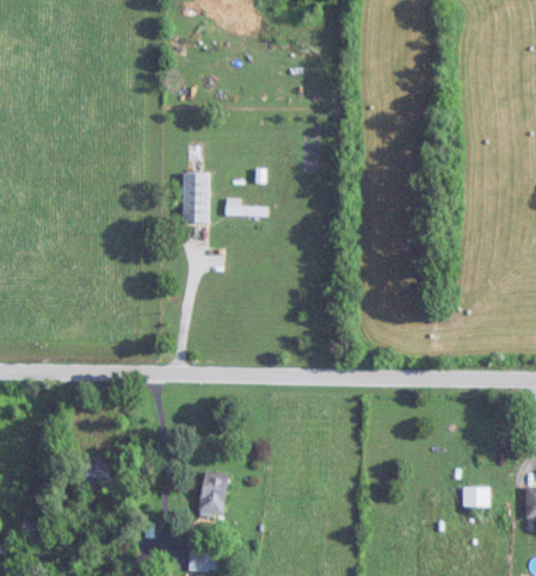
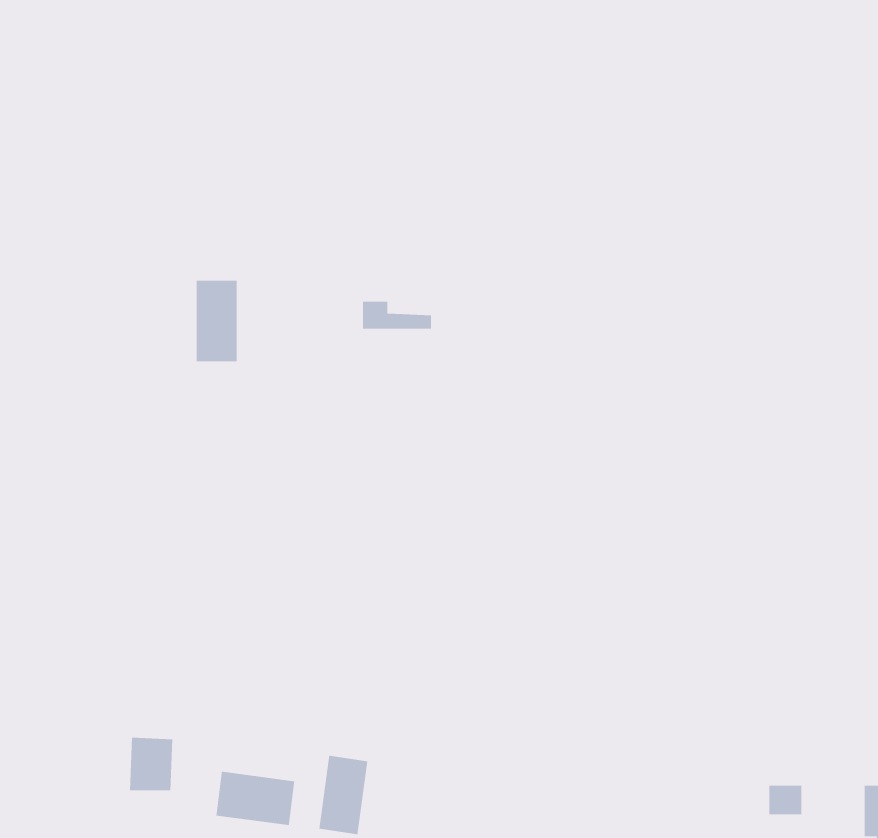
building: [183,172,208,221] -> [196,280,238,362]
building: none -> [216,771,295,826]

